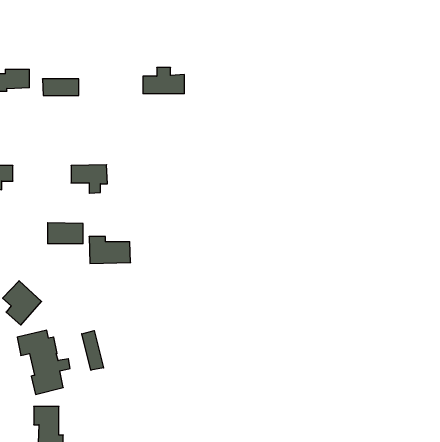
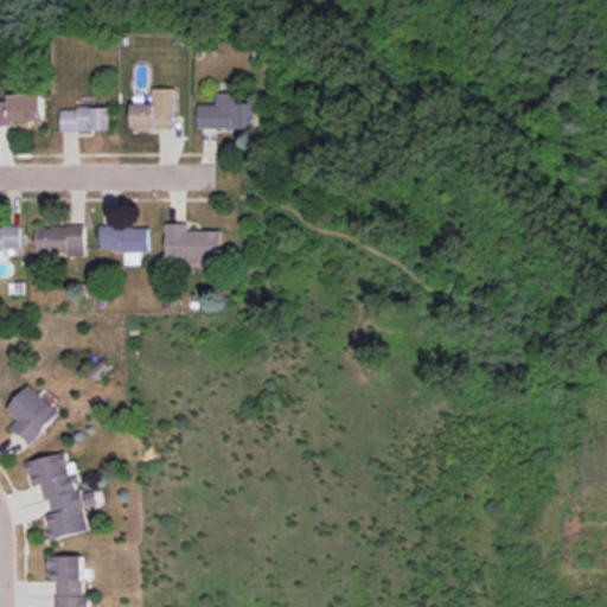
building: none -> [130,89,173,129]
building: [48,223,83,244] -> [33,226,82,255]
building: [89,237,131,263] -> [162,224,219,261]
building: [82,331,104,370] -> none

